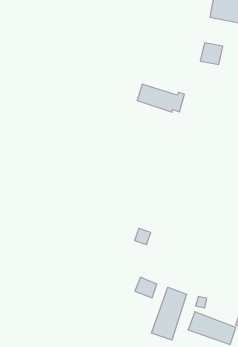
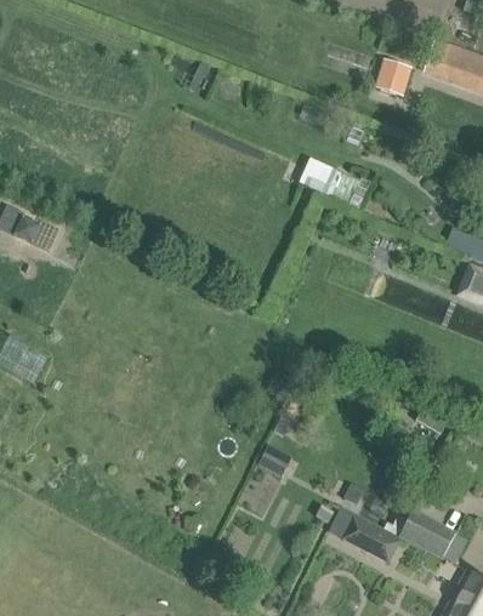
building: [200,43,223,65] -> [375,59,411,95]
building: [152,287,187,340] -> none

